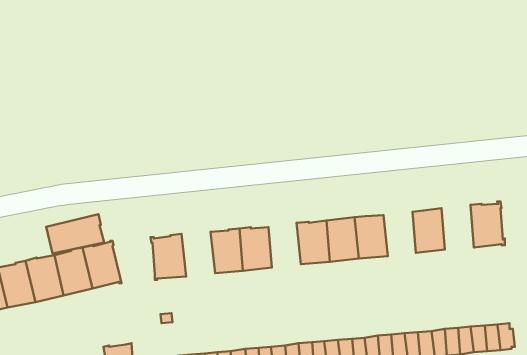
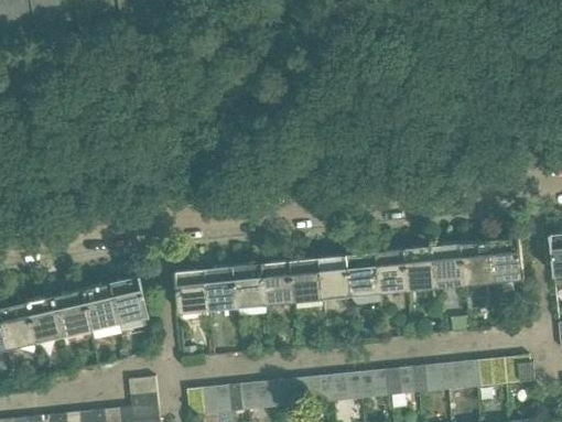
building: none -> [461,240,493,284]
building: none -> [403,247,435,291]
building: [46,214,104,254] -> none
building: none -> [290,258,322,302]
building: none -> [204,267,237,311]

